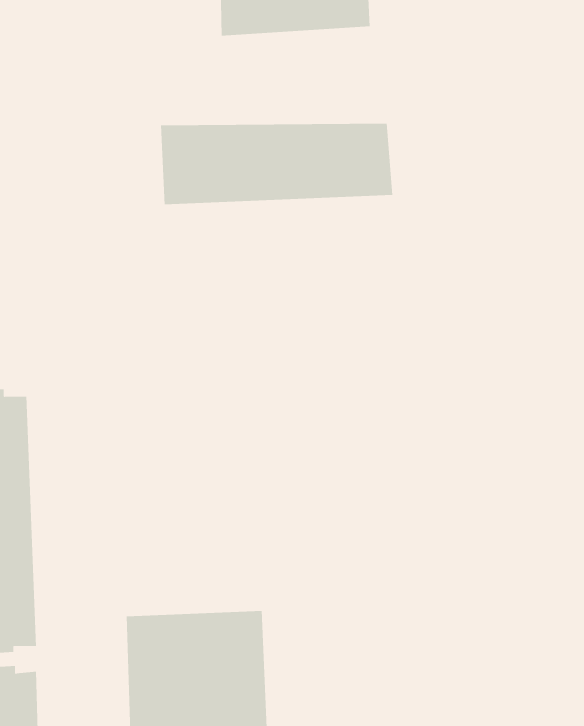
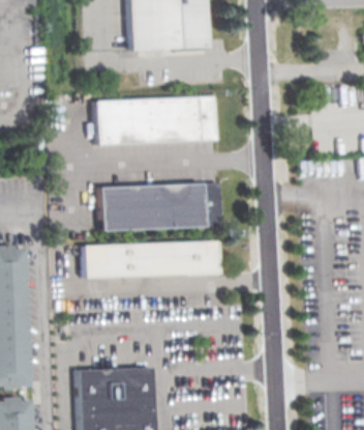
building: none -> [100,184,228,231]
building: none -> [83,241,221,277]

